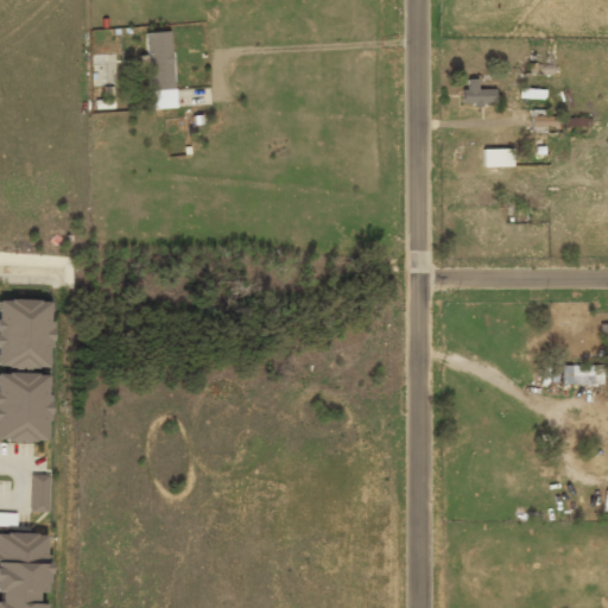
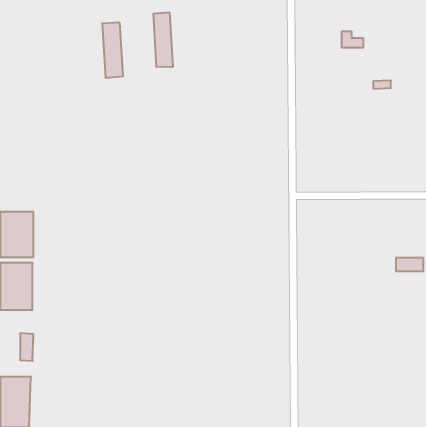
building: none -> [153,12,173,67]
building: [466,80,496,102] -> [342,32,363,48]
building: [484,148,514,167] -> none

